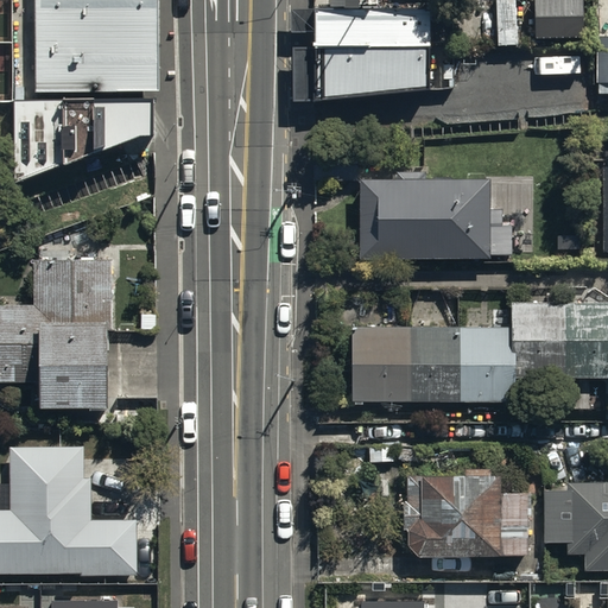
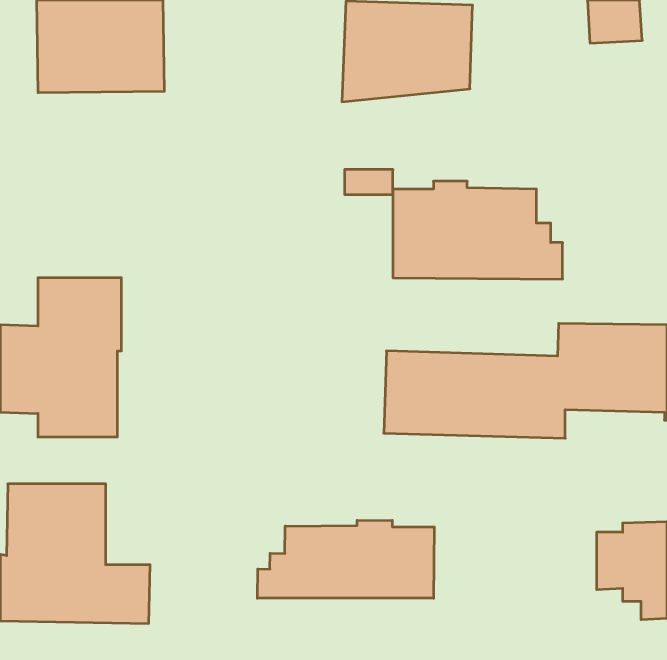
building: [13,93,151,182] -> none
building: [401,474,527,555] -> none
building: none -> [257,520,434,598]

